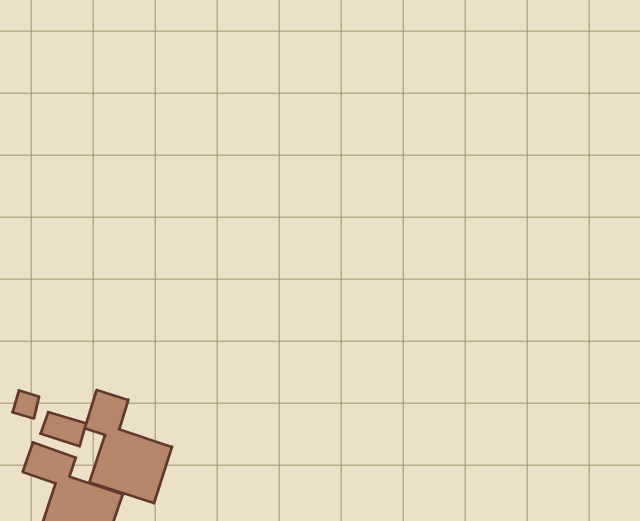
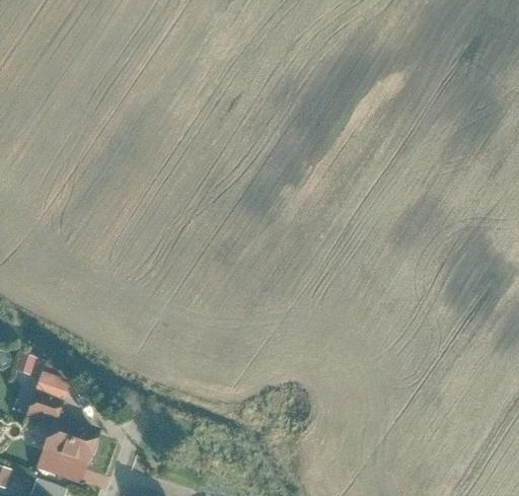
building: [85,390,172,503] -> none

